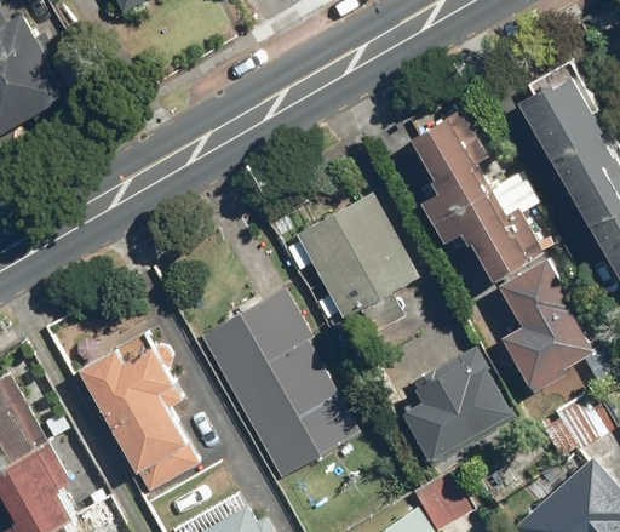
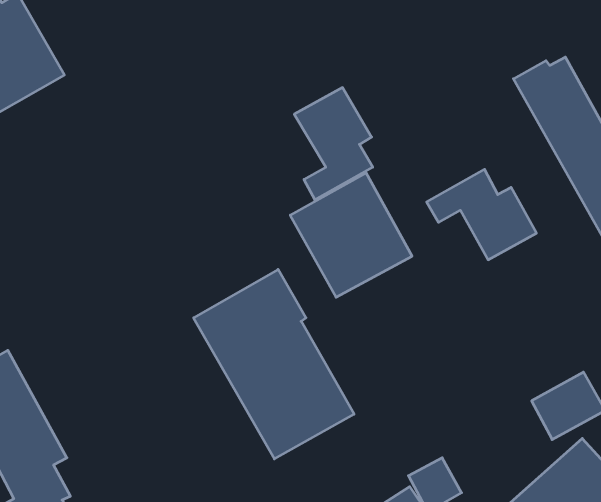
building: [412,109,490,222] -> [294,88,373,200]
building: [494,253,592,393] -> none
building: [80,347,197,491] -> none
building: [402,349,507,458] -> none

